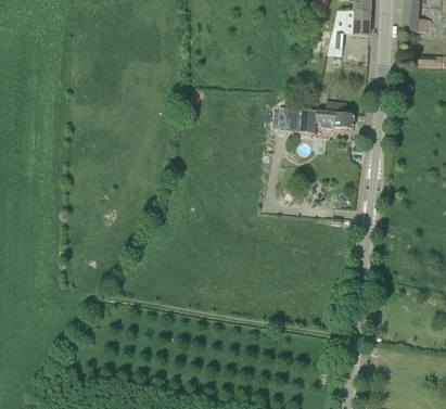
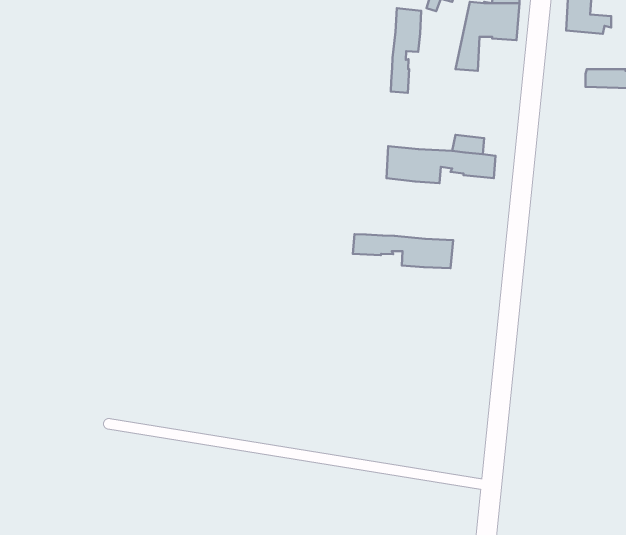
building: none -> [391,8,421,93]
building: none -> [353,234,453,268]

